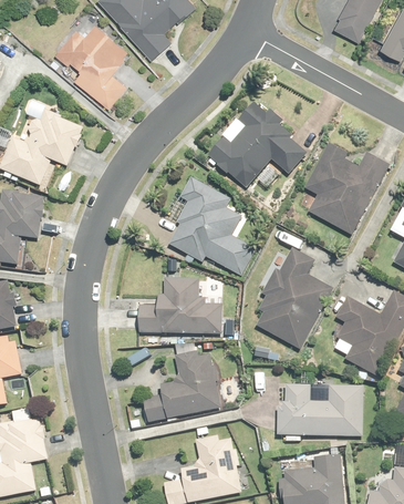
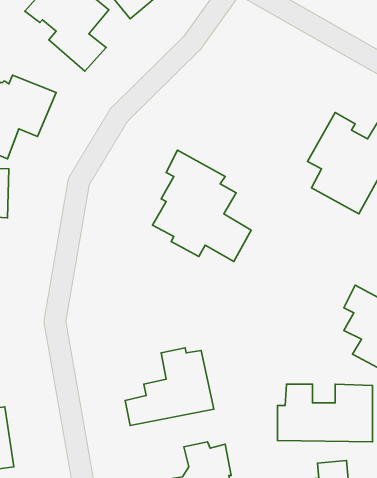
building: [209,102,305,186] -> none
building: [257,248,332,348] -> none
building: [138,277,221,336] -> none

